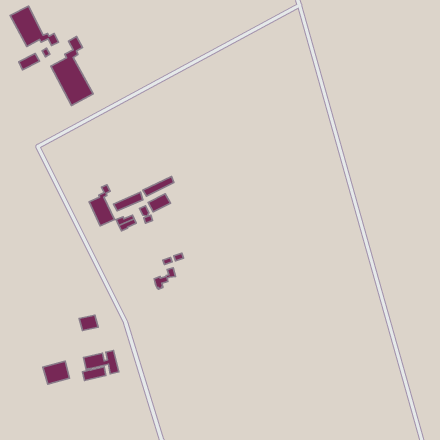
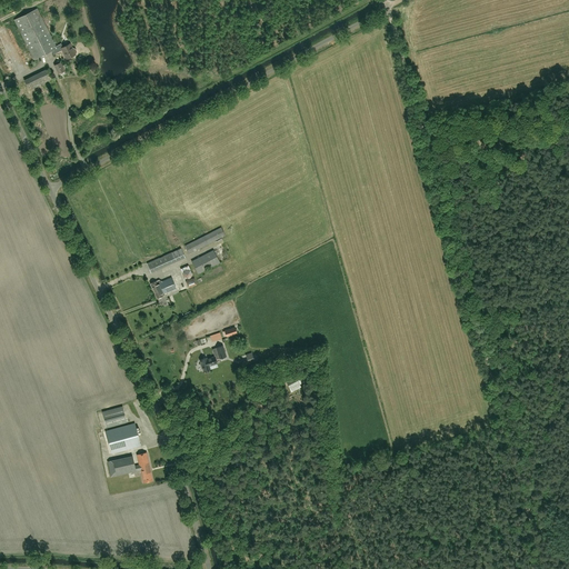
building: [51,37,93,106] -> none
building: [89,185,114,226] -> none
building: [43,361,69,384] -> [106,423,140,453]

